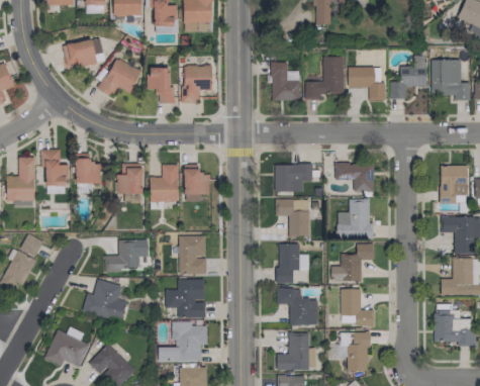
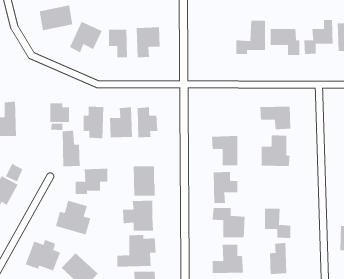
building: [271,62,299,101] -> none
building: [43,149,67,194] -> [62,130,81,167]
building: [273,164,313,192] -> none
building: [330,244,374,281] -> none

